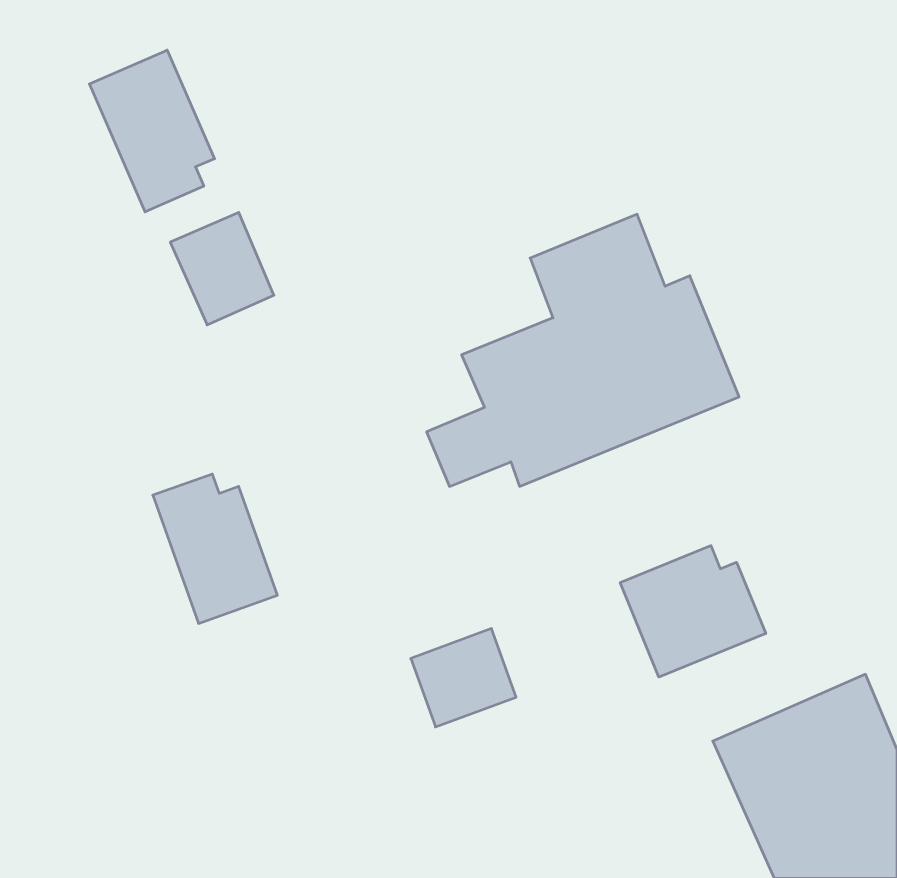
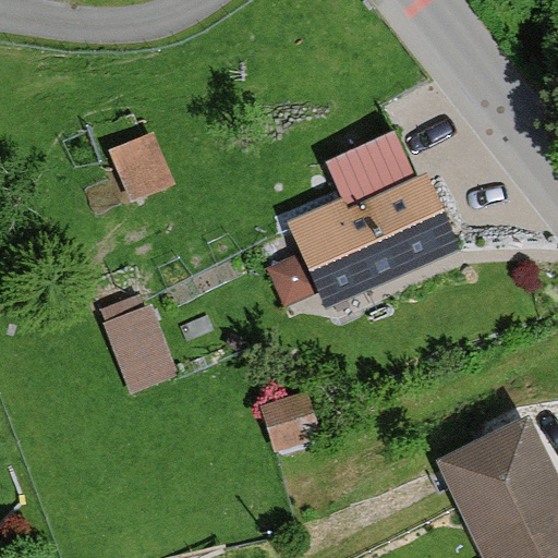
building: [89,50,215,212] -> none
building: [620,546,766,677] -> none

